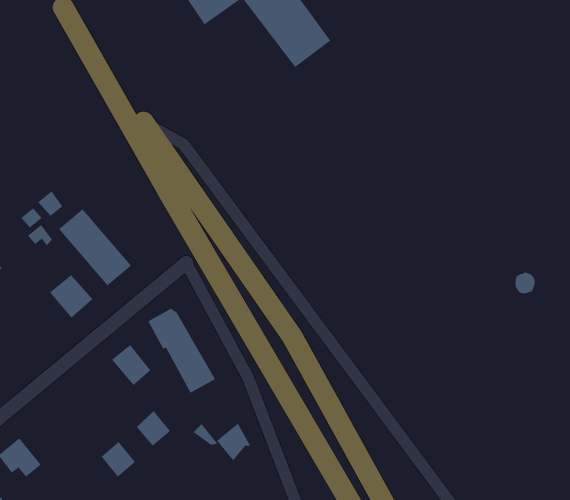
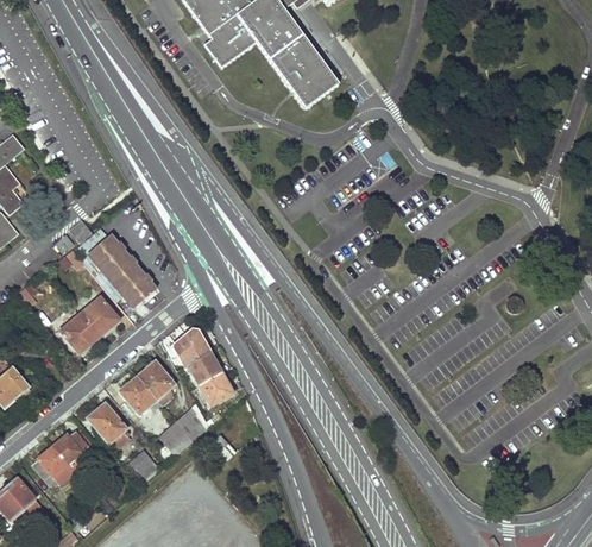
building: none -> [61,313,100,352]
building: none -> [119,375,157,414]
building: none -> [87,402,125,442]
building: none -> [52,430,96,473]
building: [216,423,251,462] -> [176,404,208,440]

